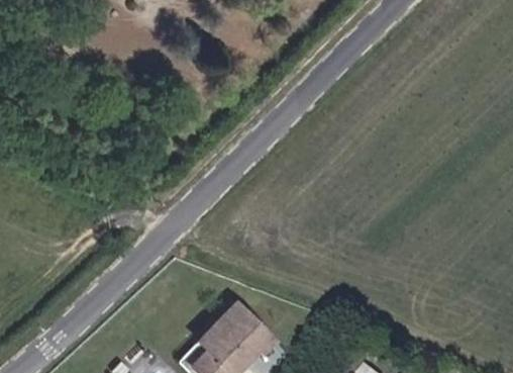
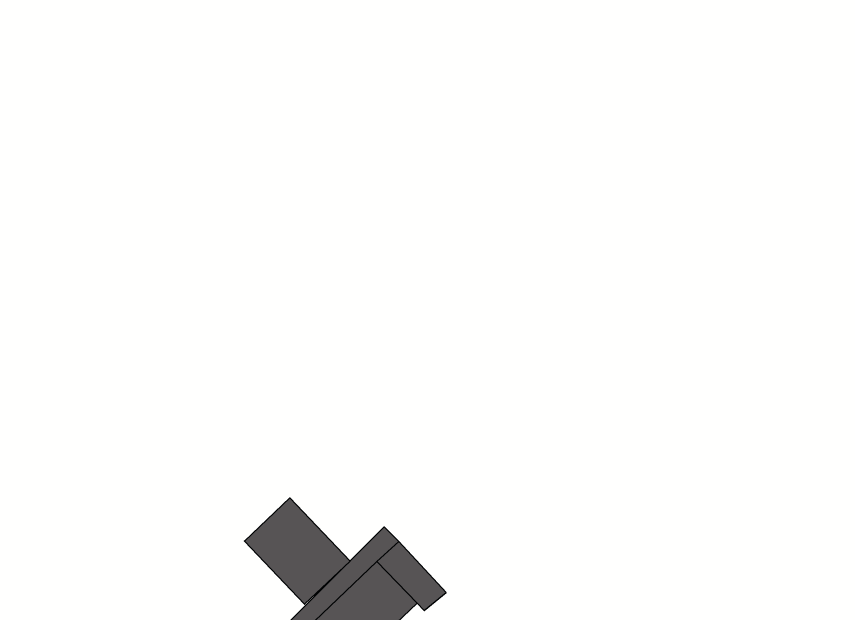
building: none -> [244,498,350,604]

